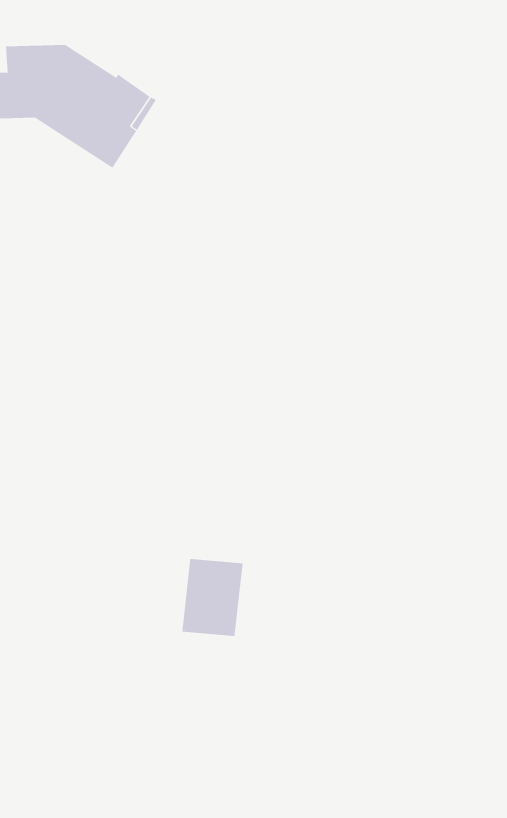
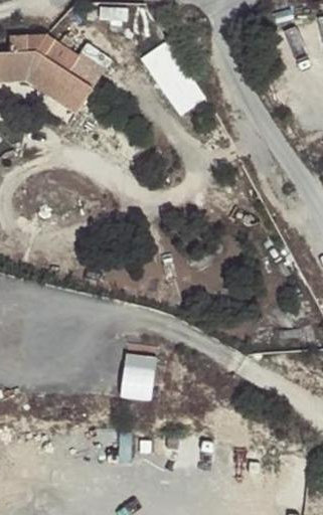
building: none -> [143,39,203,115]

